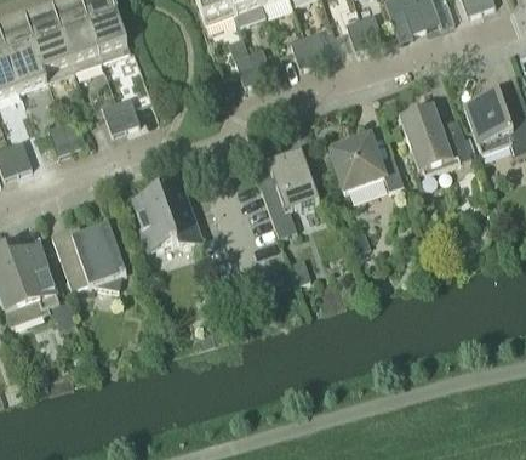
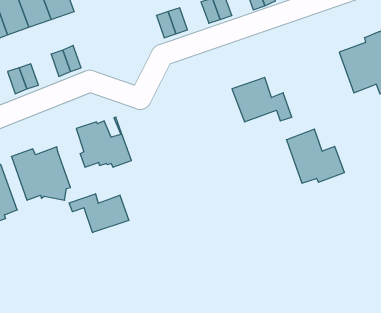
building: [398,101,470,169] -> [286,129,344,183]
building: [259,148,318,235] -> none
building: none -> [69,194,129,233]

